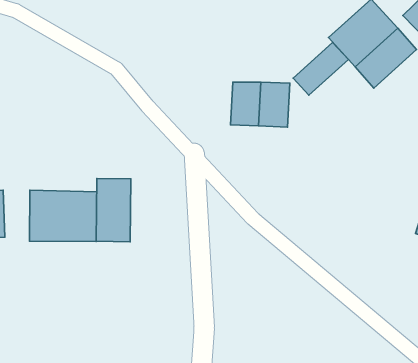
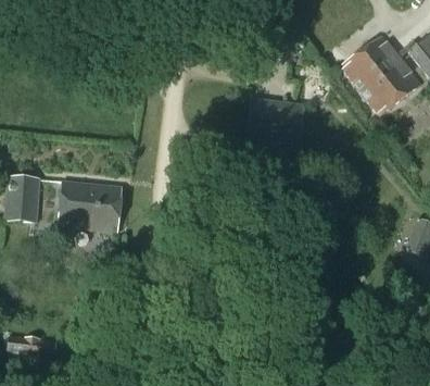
building: [293,42,348,95] -> none
building: [96,178,131,242] -> none

